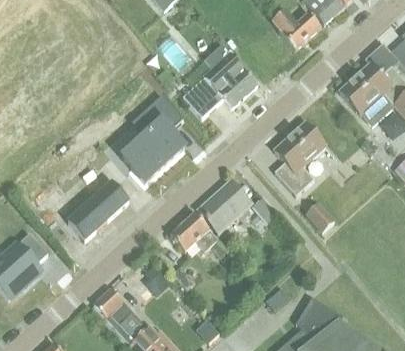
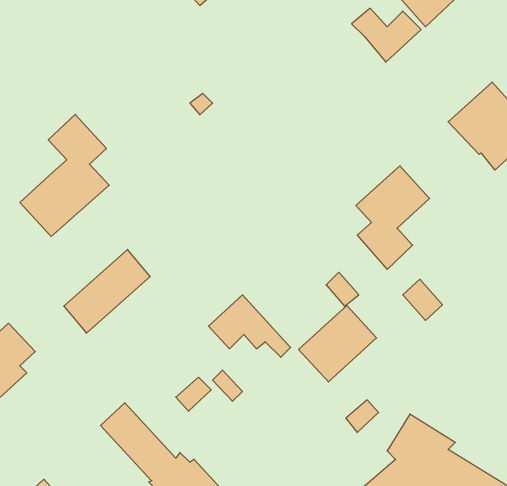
building: [181,43,256,116] -> none
building: [121,95,184,181] -> [20,114,109,236]
building: [196,179,251,233] -> [299,305,377,382]

